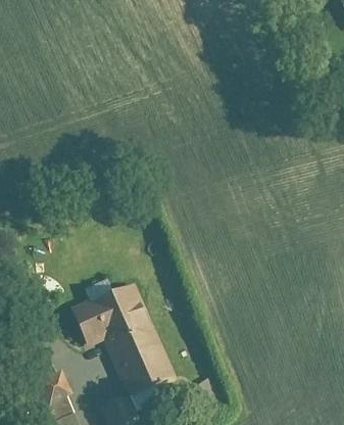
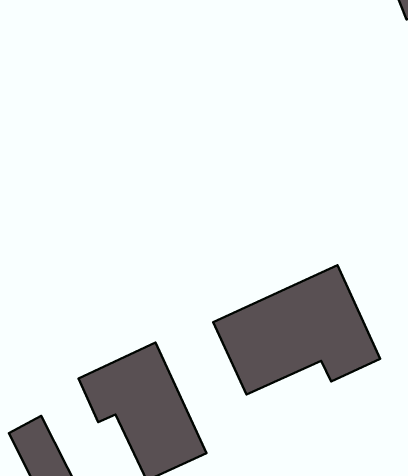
building: none -> [213,265,380,395]

